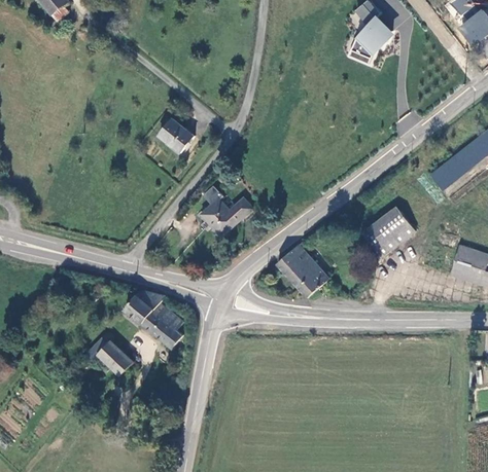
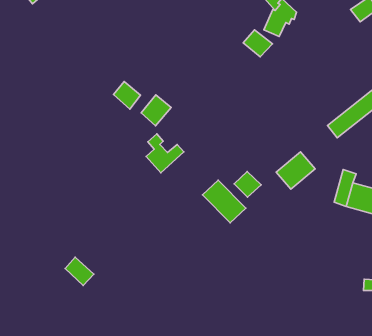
building: none -> [243,30,272,57]
building: none -> [141,95,171,126]
building: none -> [234,172,261,197]
building: [128,290,185,349] -> none

